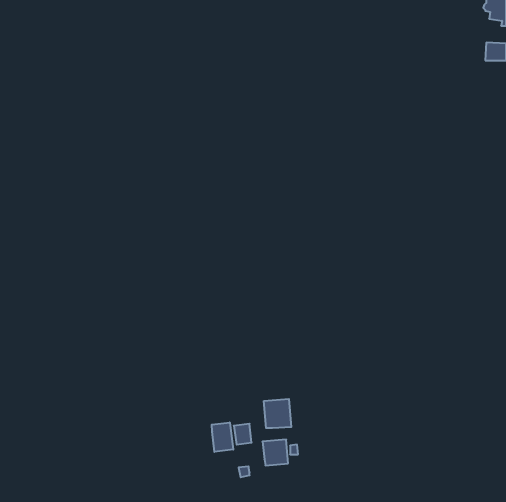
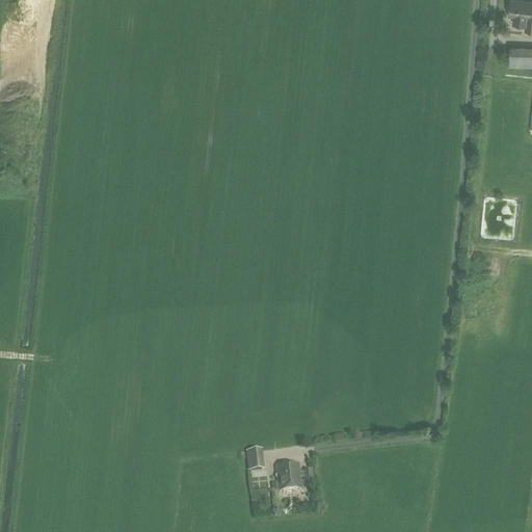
building: [264,399,291,428] -> none
building: [212,422,233,452] -> none

